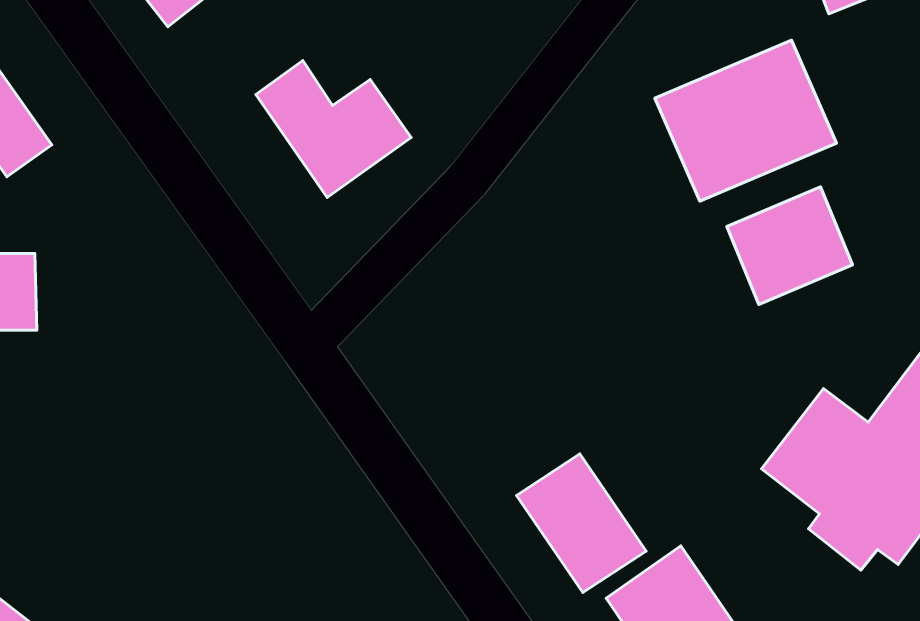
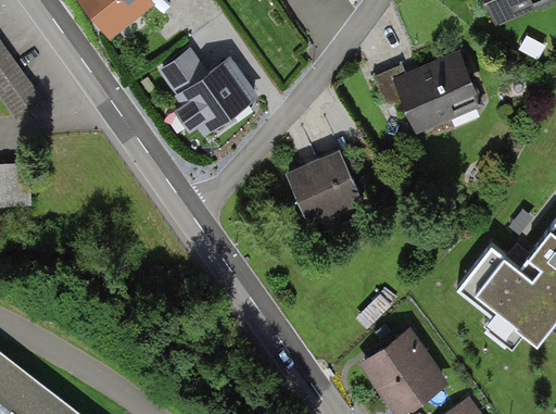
building: [727,187,852,305] -> none
building: none -> [283,139,369,224]
building: [517,454,646,593] -> none

